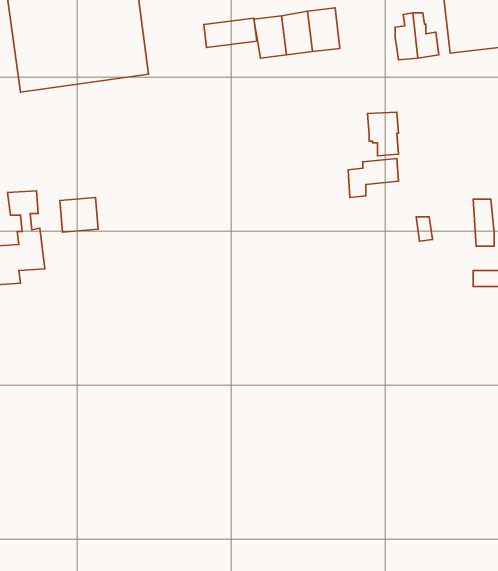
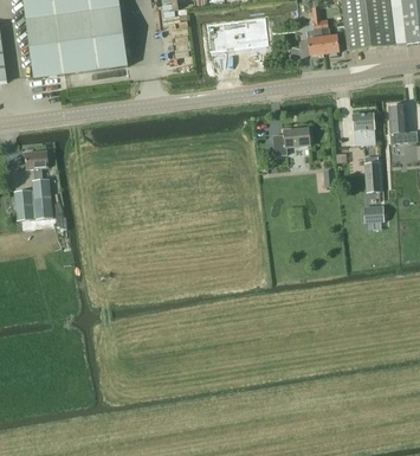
building: [204,18,257,47] -> none
building: [368,112,398,156] -> [353,111,375,143]
building: [60,198,98,232] -> none

